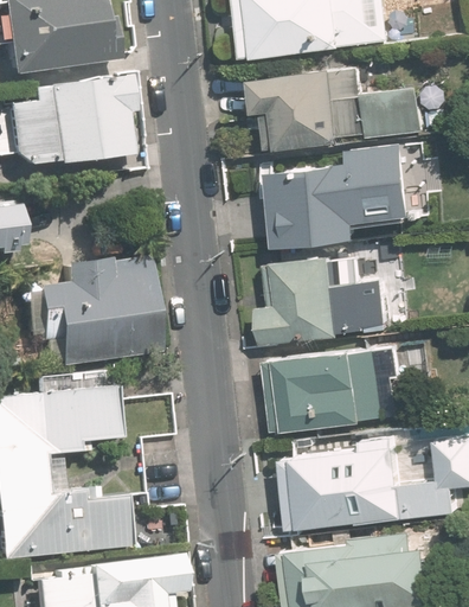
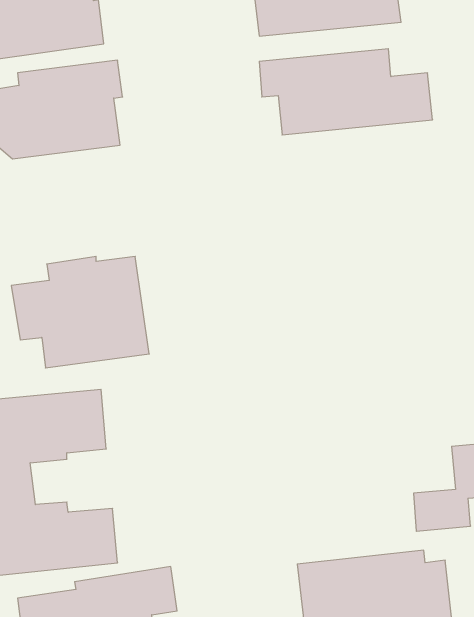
building: [265,155,388,244] -> none
building: [263,250,397,343] -> none
building: [280,347,388,428] -> none
building: [300,442,407,524] -> none

